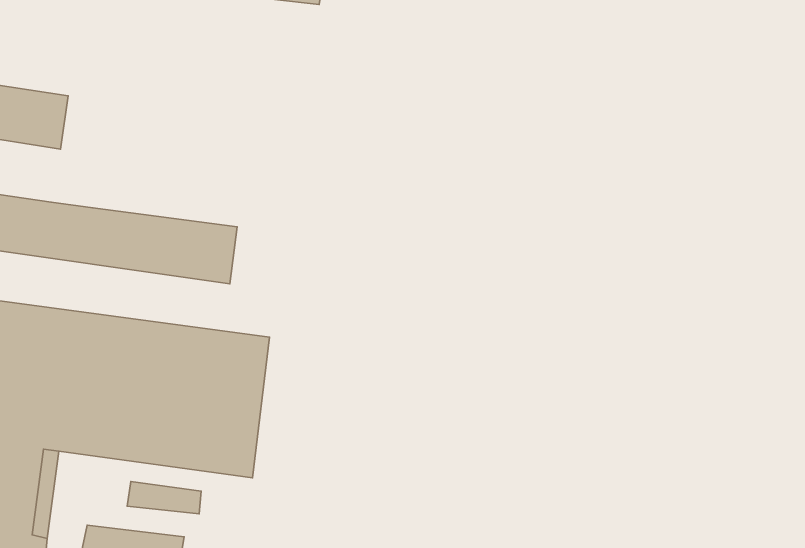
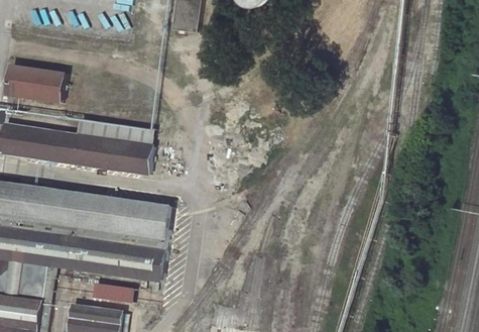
building: none -> [74,119,152,145]

